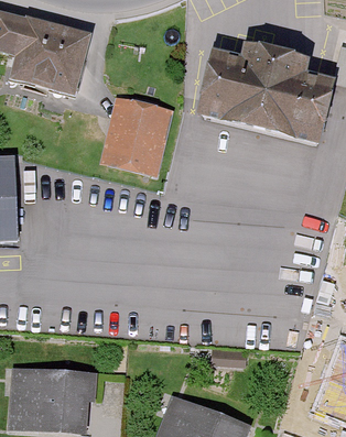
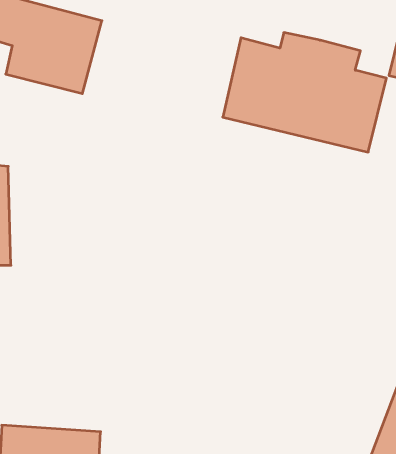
building: [101,98,174,172] -> none

